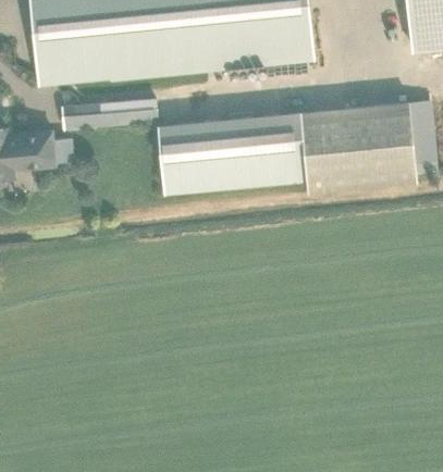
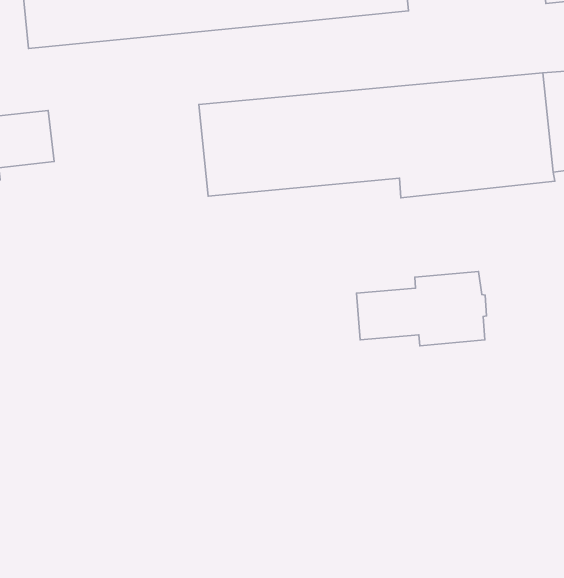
building: [61,98,158,131] -> none
building: none -> [357,271,486,346]

